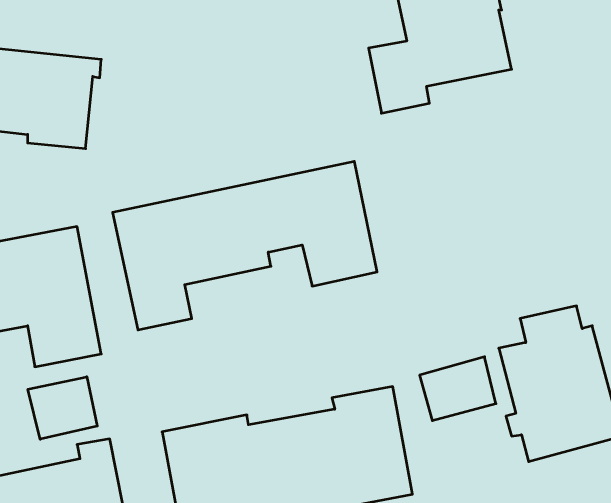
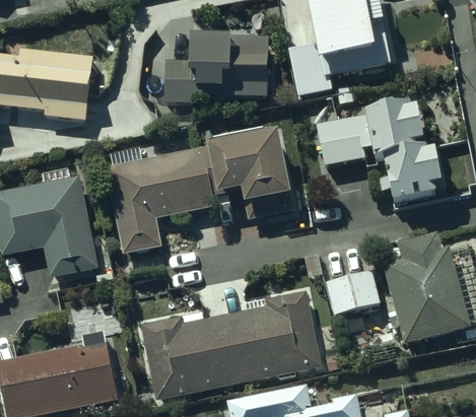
building: none -> [164,36,268,102]
building: none -> [317,101,441,202]
building: [28,377,97,439] -> none

